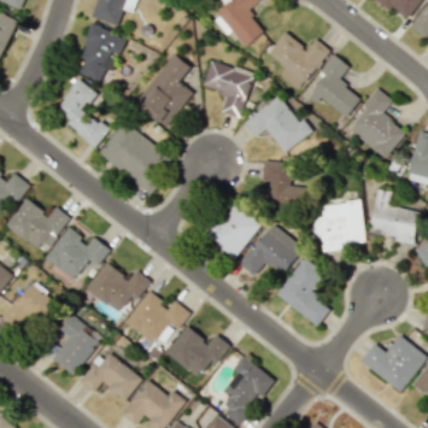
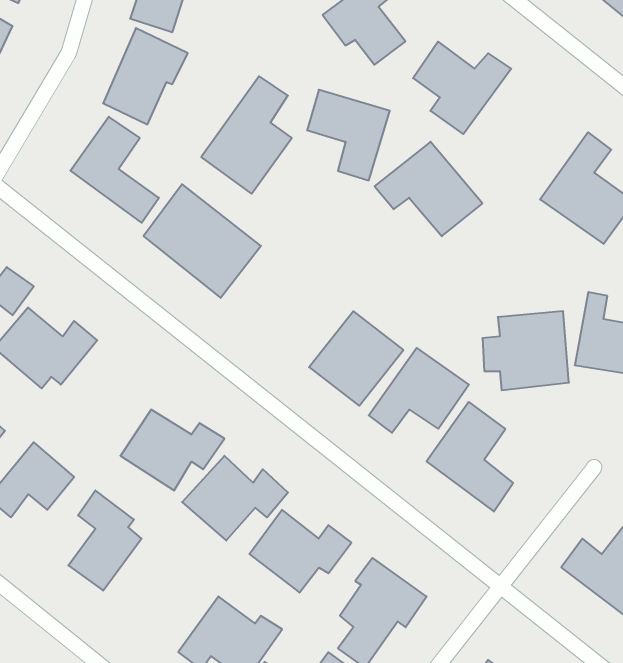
building: [309,54,362,118] -> none
building: [262,159,300,201] -> none
building: [43,227,110,280] -> none
building: [81,350,142,400] -> none

